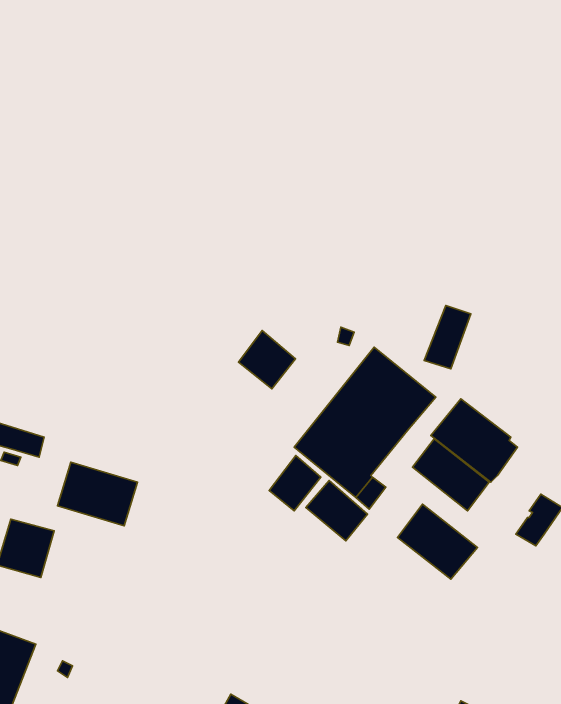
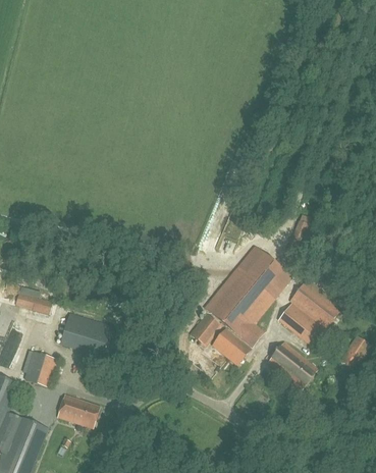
building: [239,331,296,389] -> none
building: none -> [56,393,100,427]

